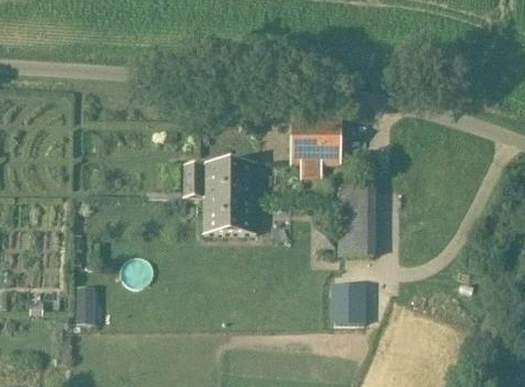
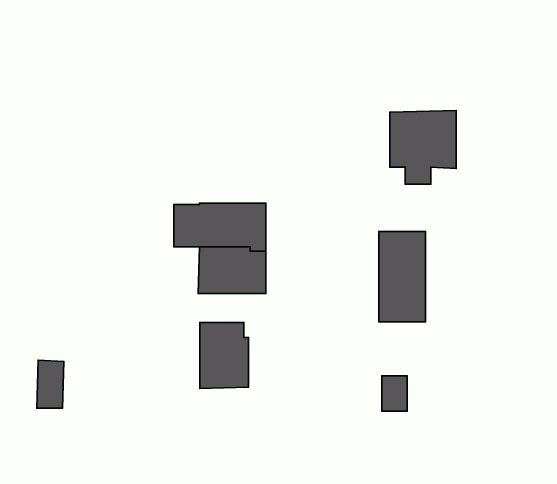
building: [288,119,339,176] -> [390,111,456,184]
building: none -> [200,323,248,389]

